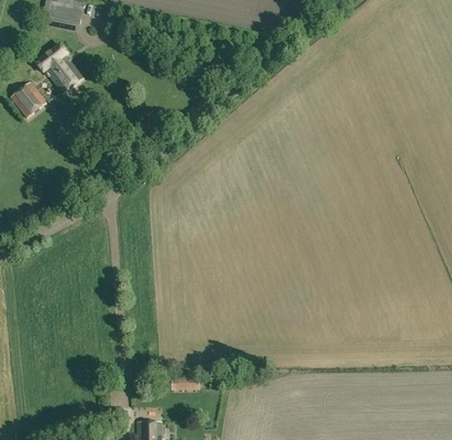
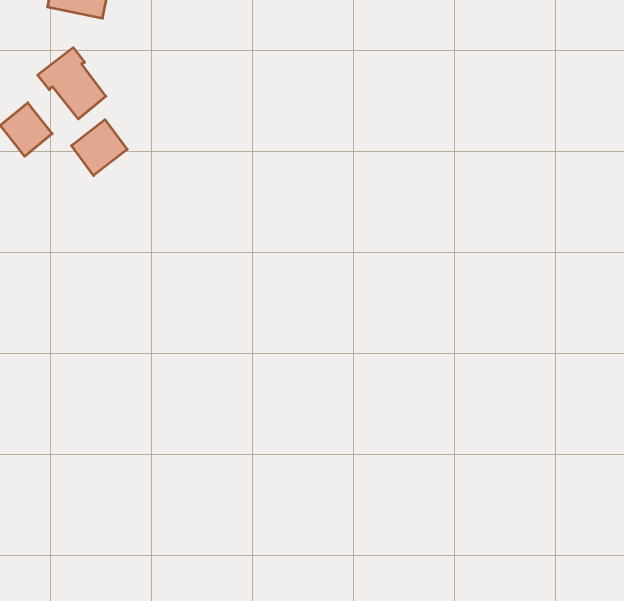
building: none -> [71,120,127,176]

